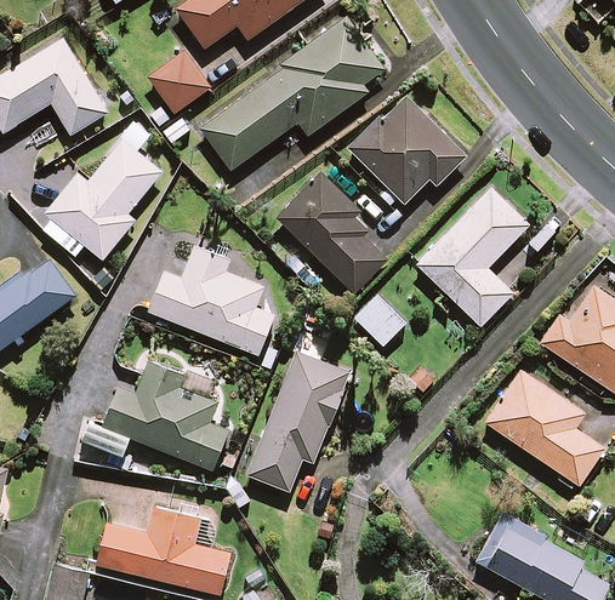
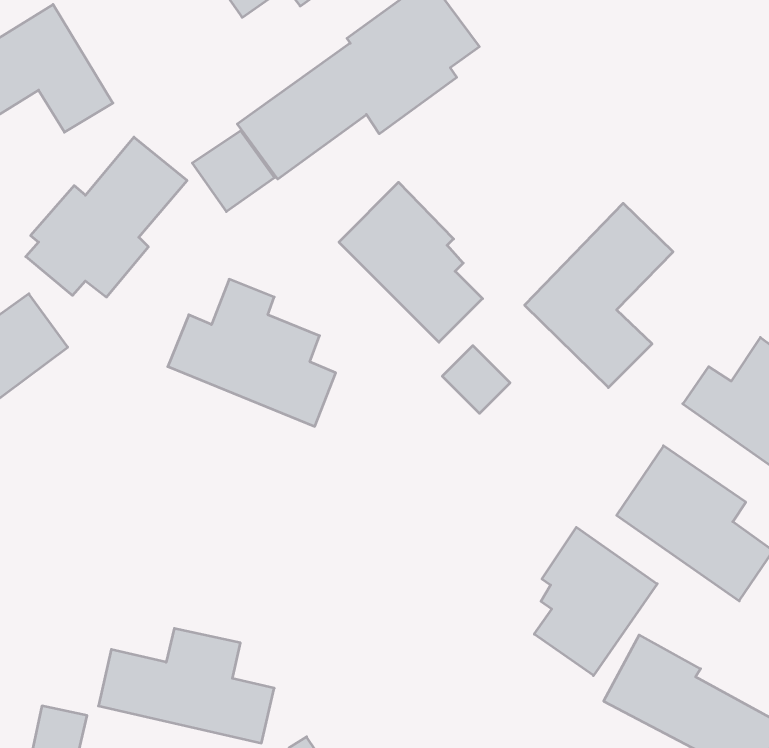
building: [149,52,211,113] -> [192,131,275,212]
building: [348,97,466,204] -> none
building: [247,352,349,491] -> none
building: [82,360,230,469] -> none
building: none -> [534,527,657,676]

